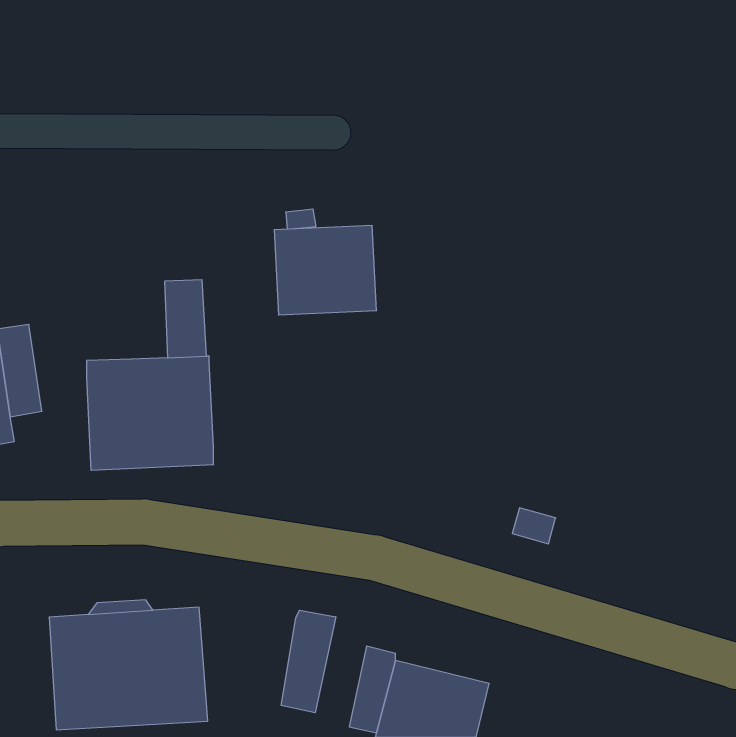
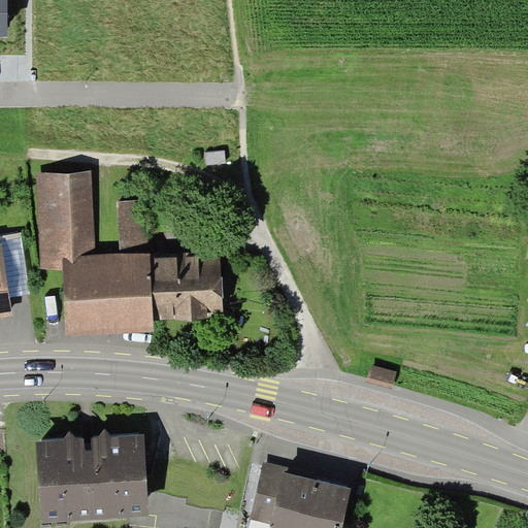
building: [274,226,377,315] -> [150,256,223,320]
building: none -> [36,171,94,271]
building: [281,610,336,713] -> none

